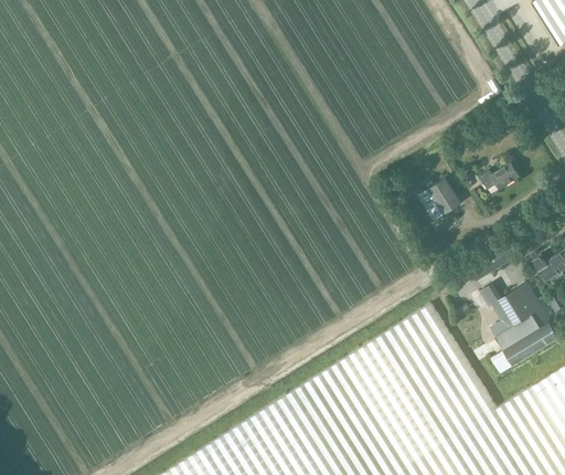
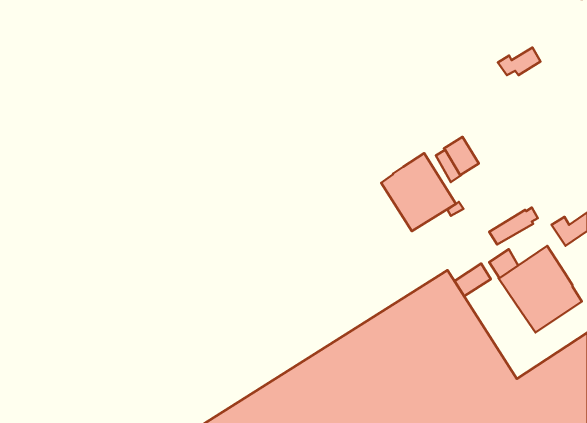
building: [478,162,519,189] -> [498,48,541,75]
building: none -> [381,153,456,231]
building: none -> [454,263,491,296]

